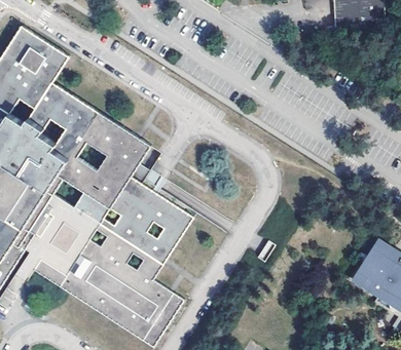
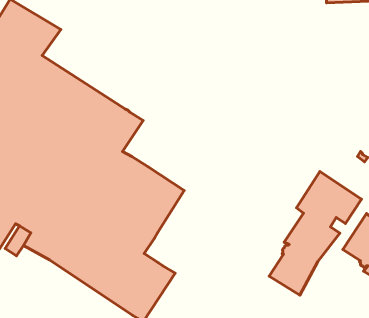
building: none -> [269,171,361,295]

